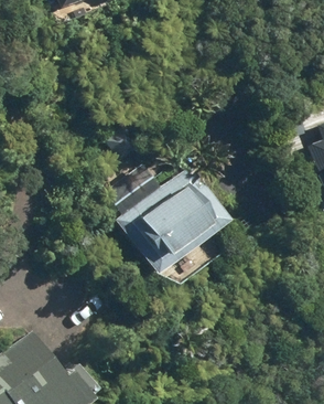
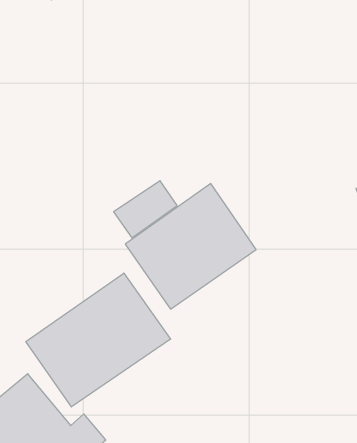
building: none -> [26,273,171,407]

